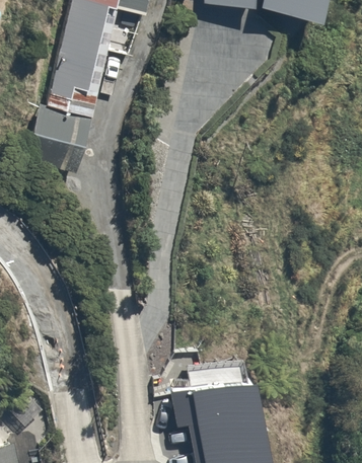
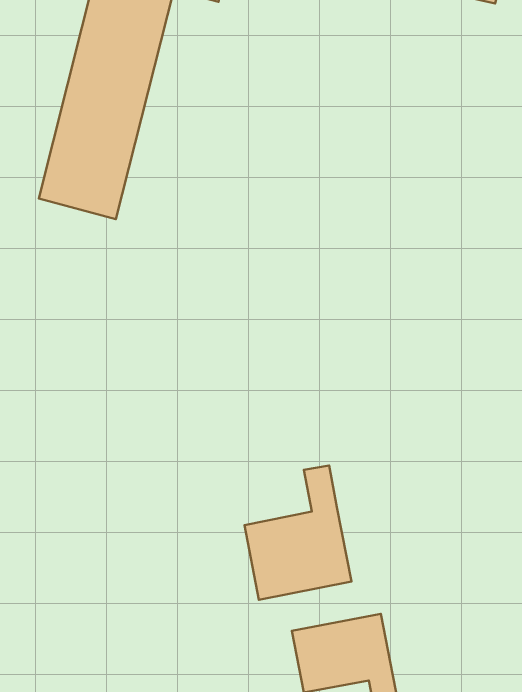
building: none -> [244,466,351,600]

